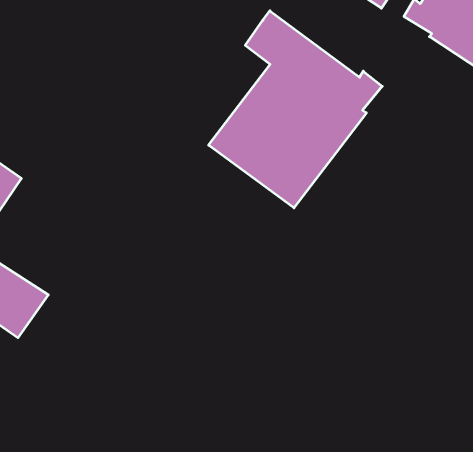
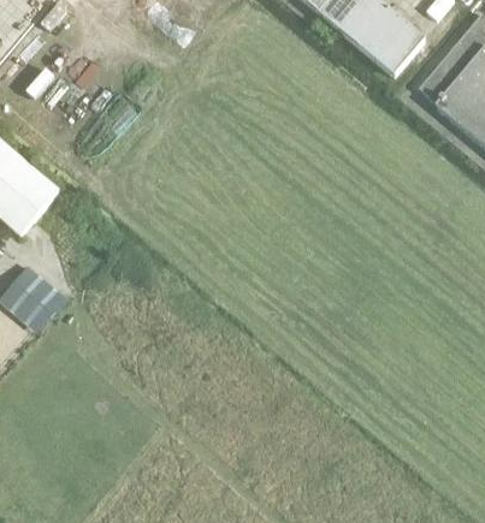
building: [209,11,382,208] -> none

